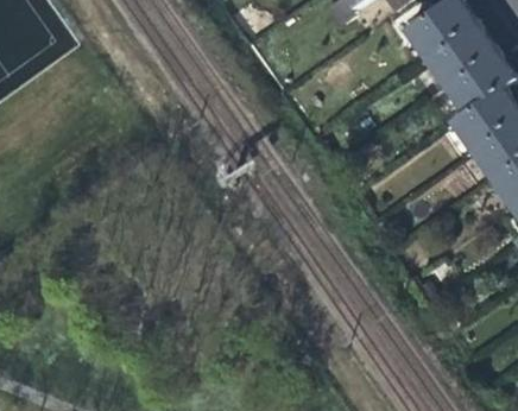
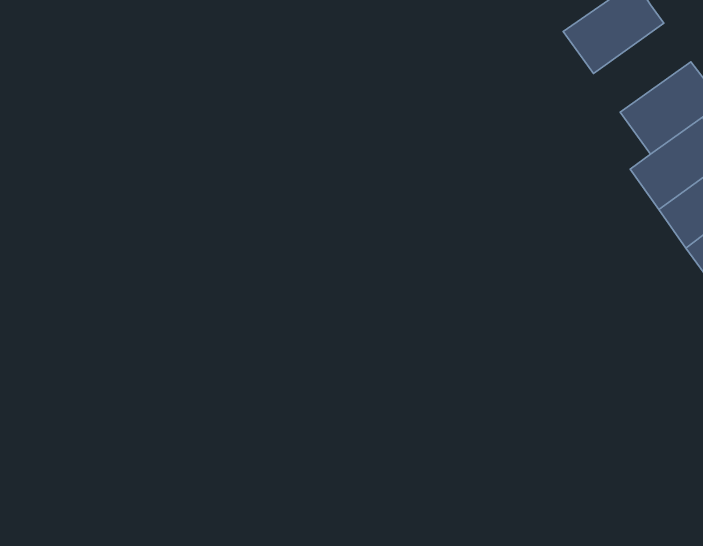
building: [423,29,492,91] -> none

